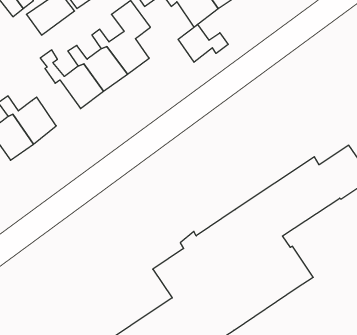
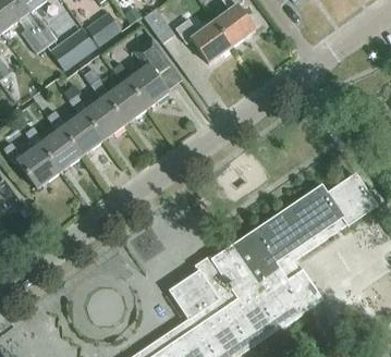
building: [178,24,228,62] -> none
building: none -> [45,111,101,156]

